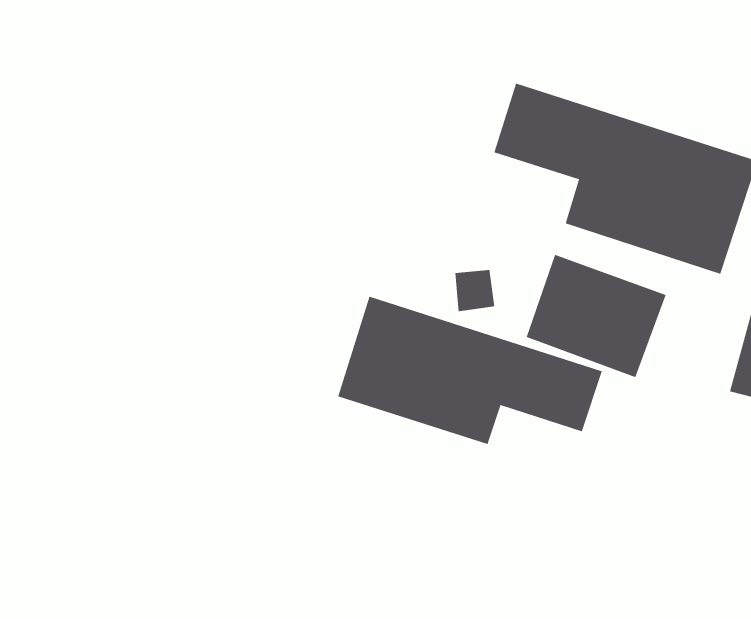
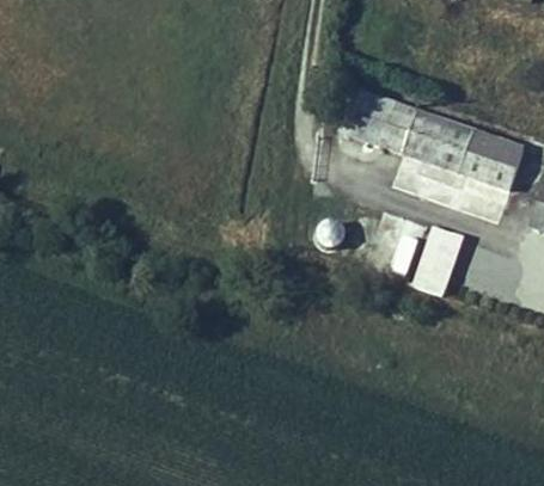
building: [337,296,602,445] -> none

